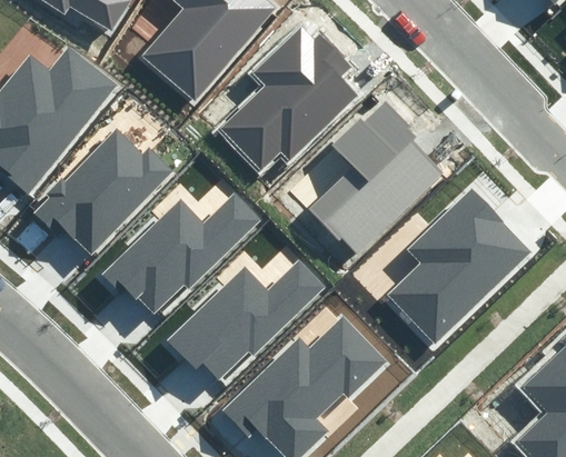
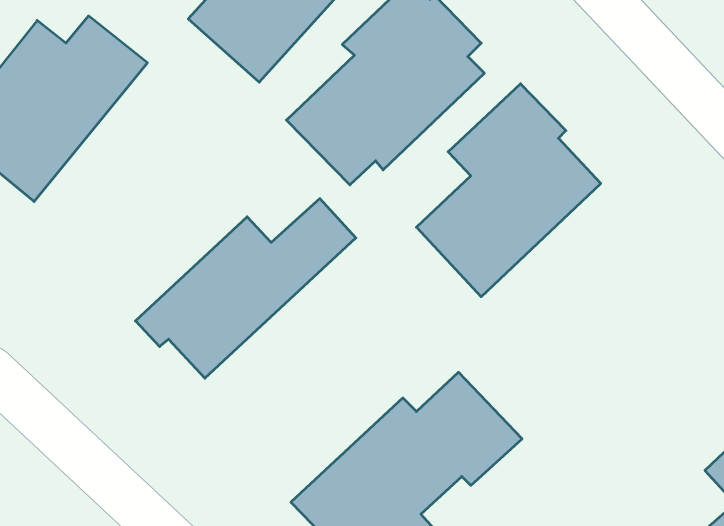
building: [29,126,175,257] -> none
building: [387,191,530,344] -> none
building: [163,257,326,389] -> none

